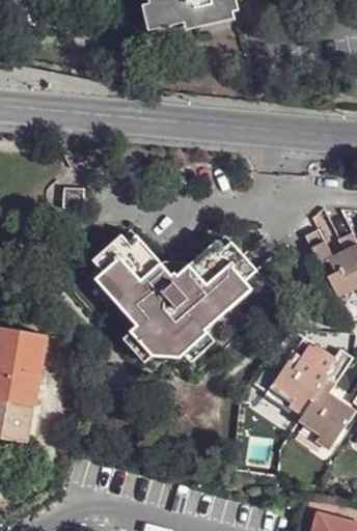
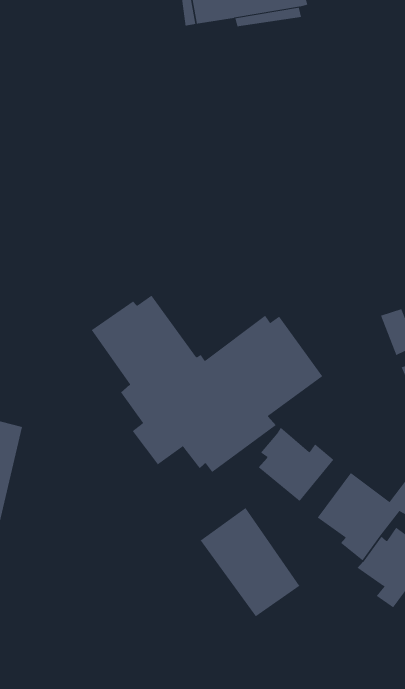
building: none -> [258,427,334,502]
building: none -> [200,507,300,617]

